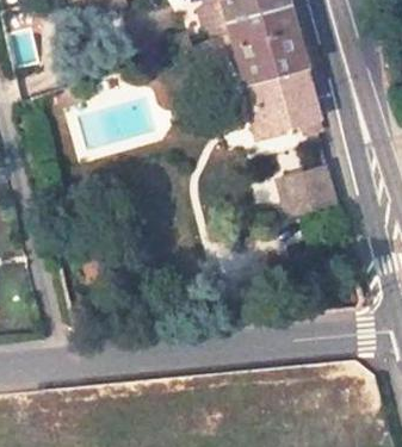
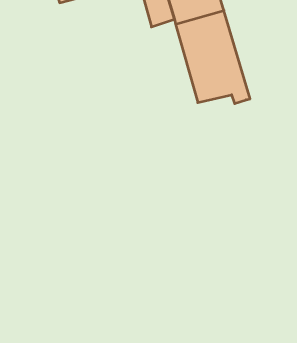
building: [276,163,339,212] -> none

